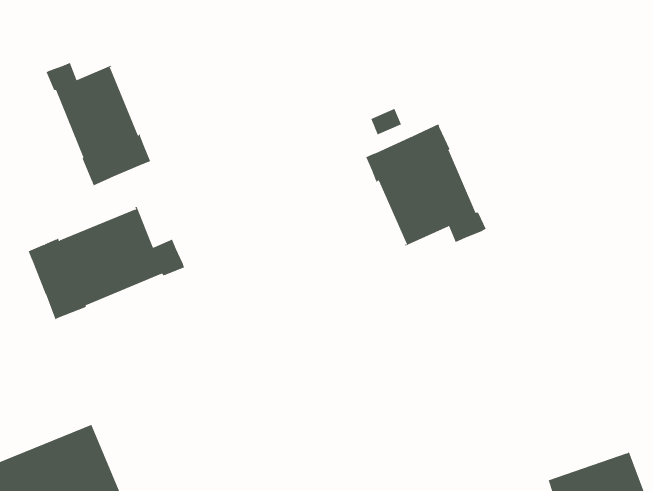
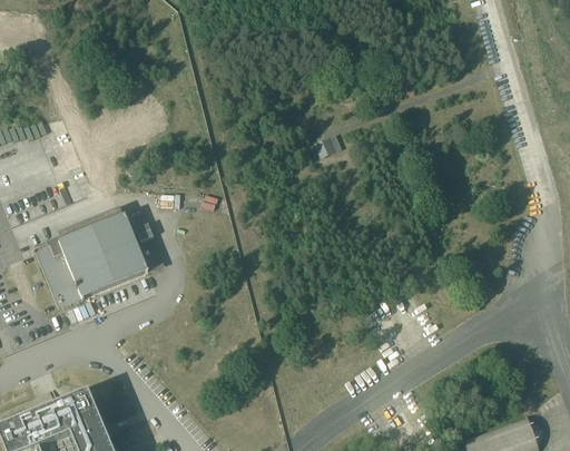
building: [46,62,151,186] -> none
building: [365,123,487,247] -> none

